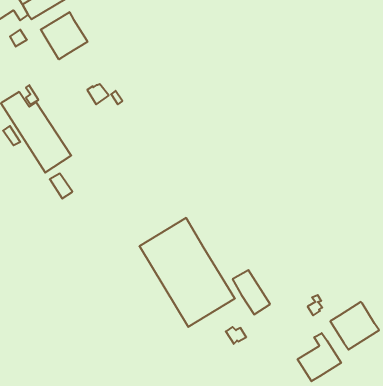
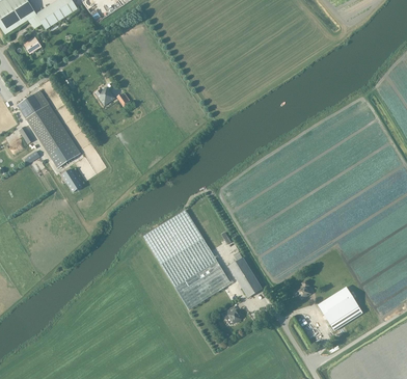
building: [41,12,87,59] -> none
building: [298,333,341,381] -> none

